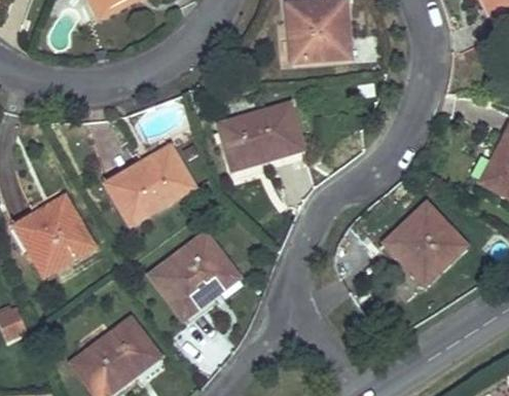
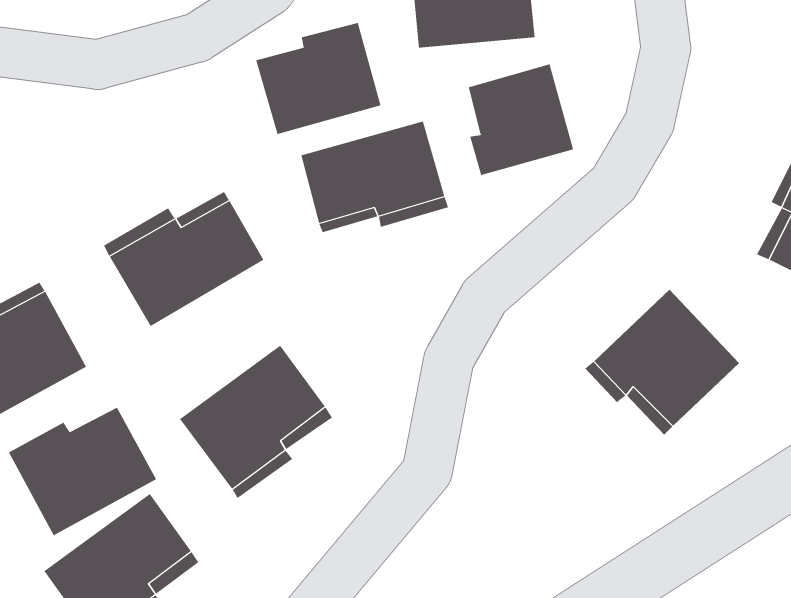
building: none -> [255,22,381,135]
building: none -> [468,64,574,176]
building: none -> [8,407,157,536]

